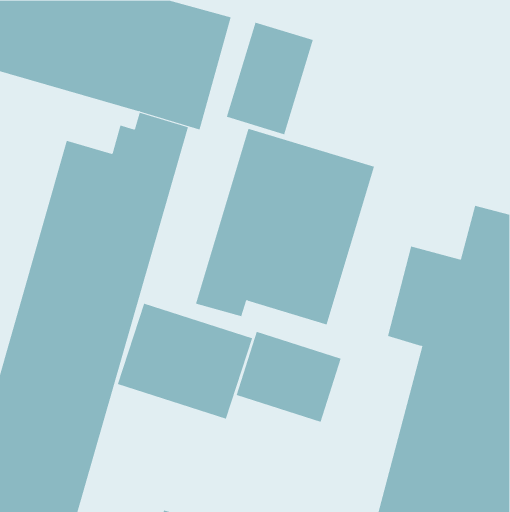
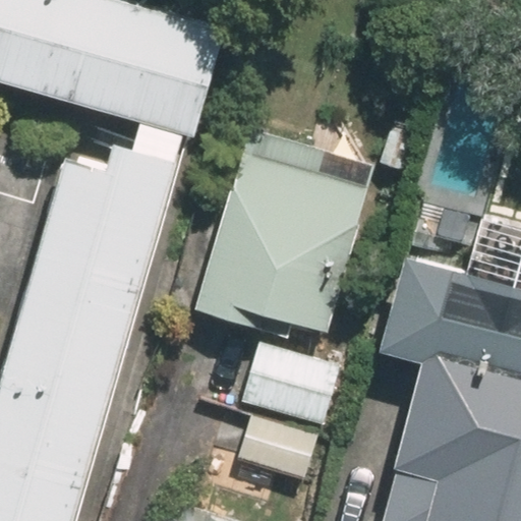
building: [226,22,313,135] -> none
building: [117,303,253,419] -> none

